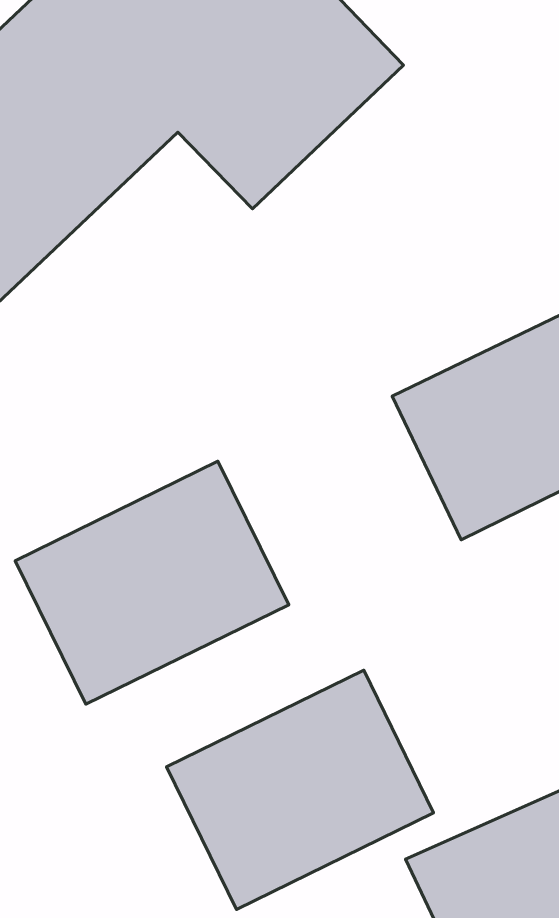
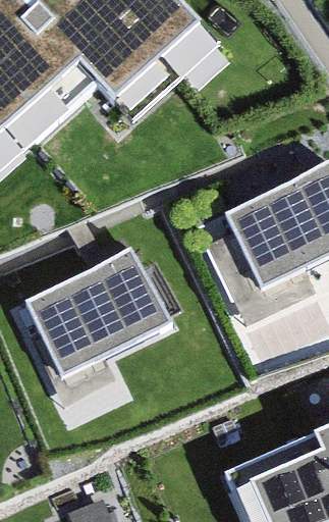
building: [167,670,433,910] -> none

